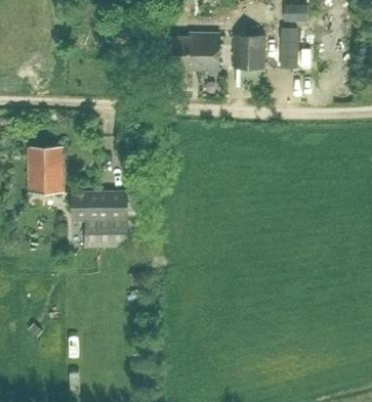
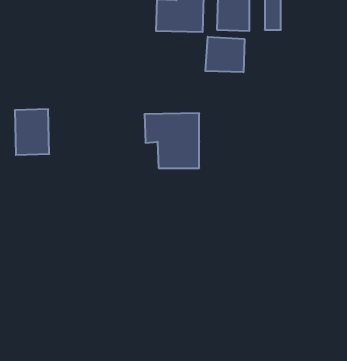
building: none -> [205,37,244,72]
building: [72,191,127,247] -> [144,113,199,168]

